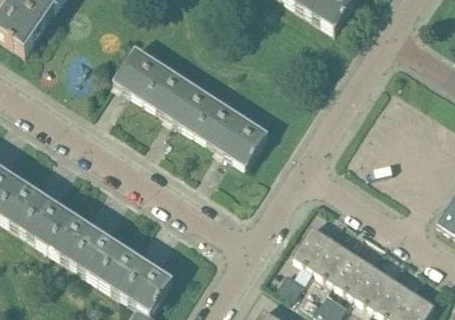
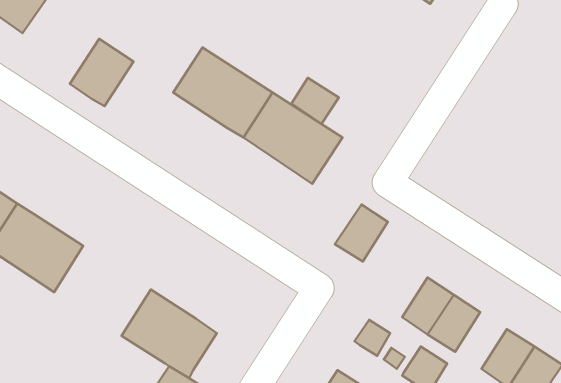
building: [115,46,163,97] -> [70,39,134,106]
building: none -> [291,78,339,124]
building: [50,214,124,282] -> none
building: [293,225,333,268] -> [335,204,388,261]
building: [355,264,394,307] -> none

